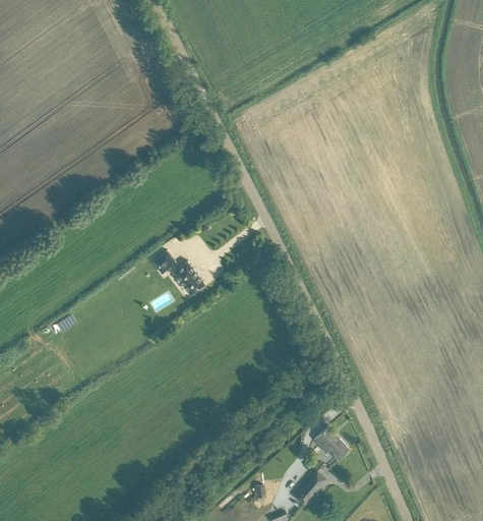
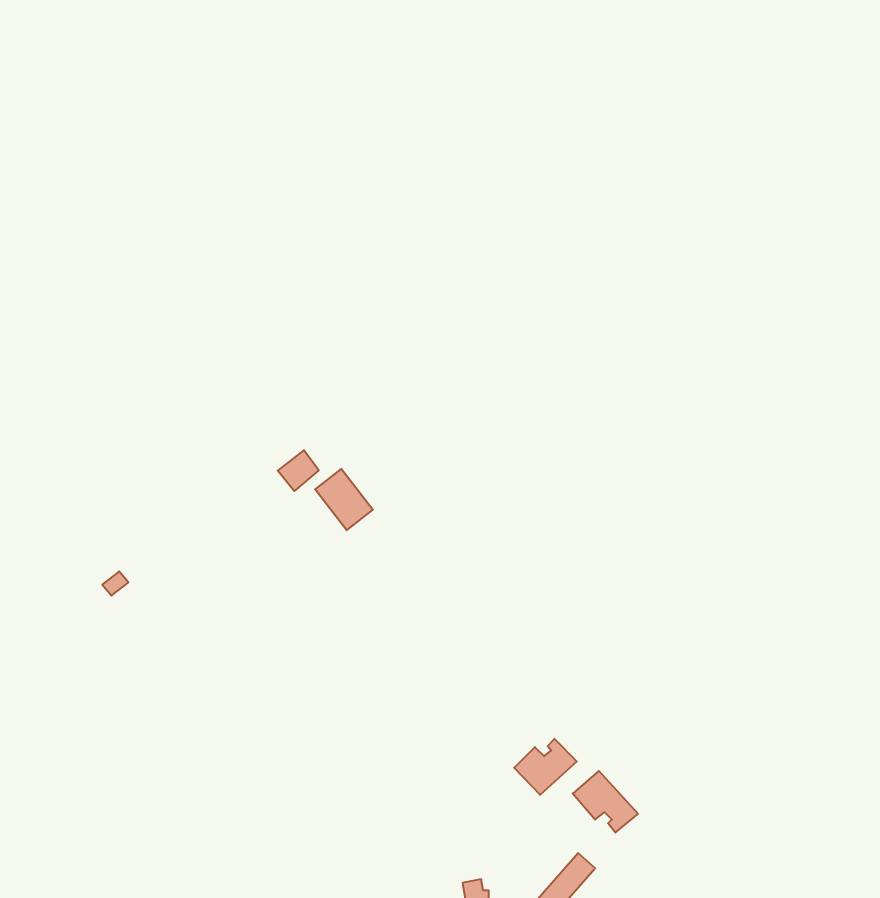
building: none -> [514,739,577,795]

